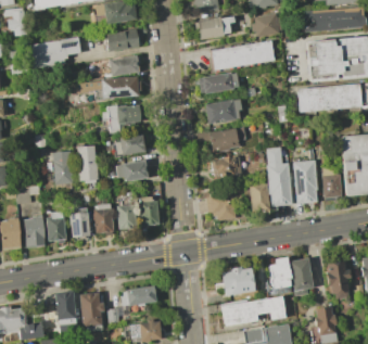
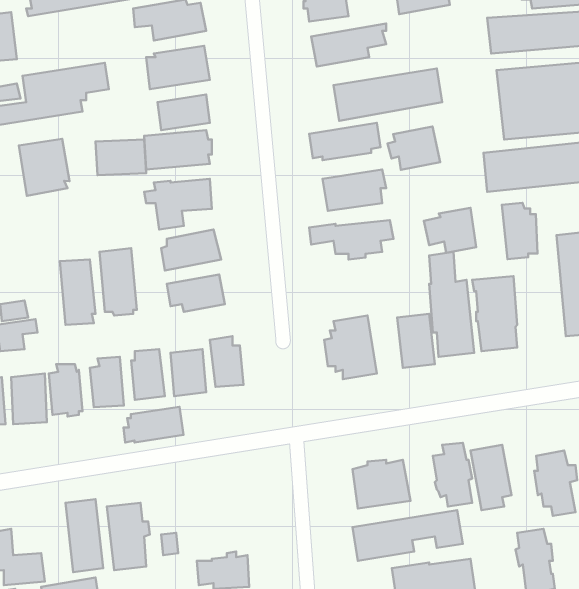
building: [251,12,281,37] -> [388,127,440,170]
building: none -> [19,139,70,196]
building: [211,153,241,179] -> [424,208,476,253]
building: [320,167,341,200] -> [502,203,538,259]
building: [123,286,157,307] -> [123,407,183,442]

